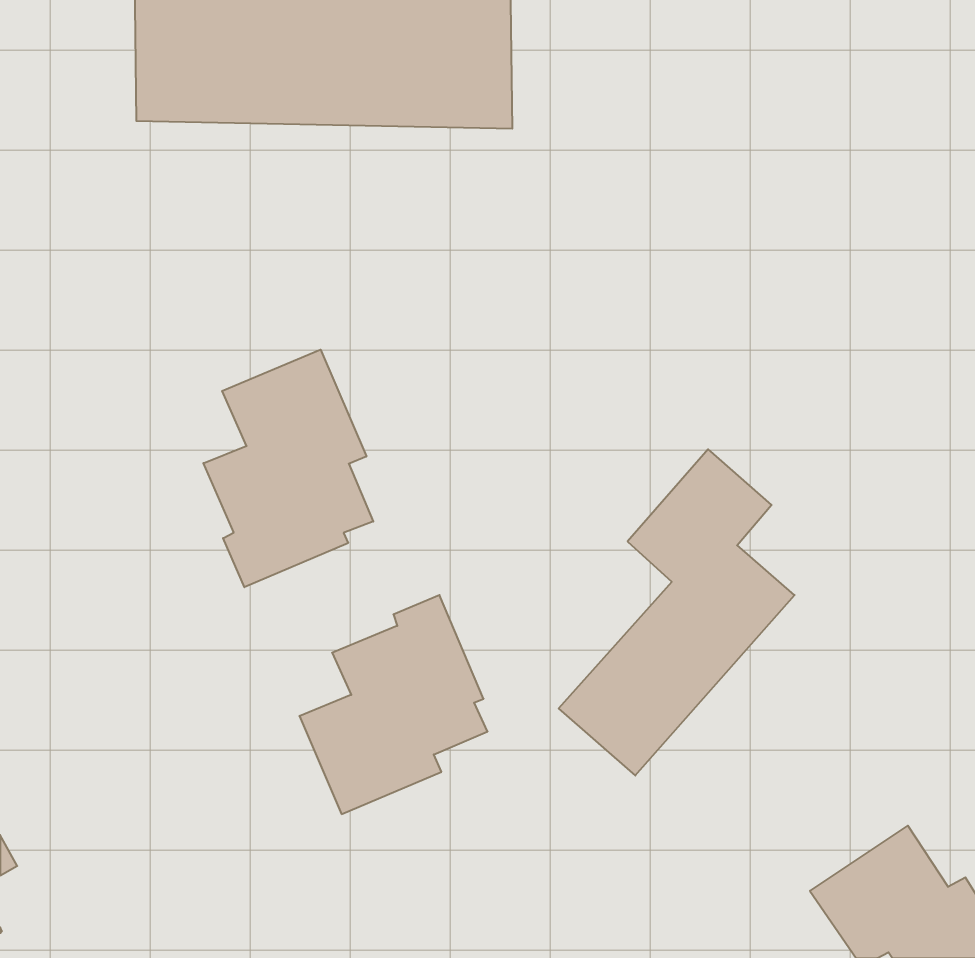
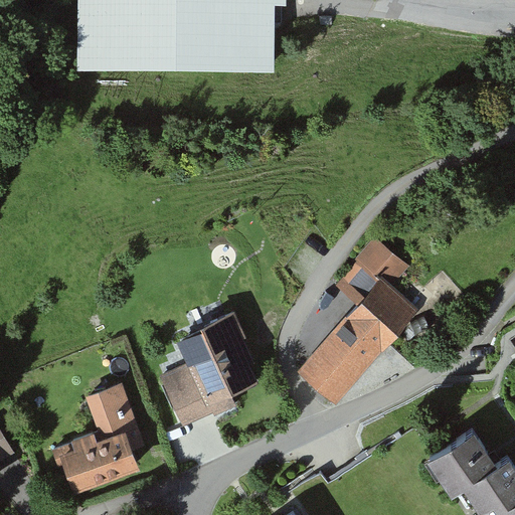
building: [203,350,373,587] -> none
building: none -> [56,386,143,497]

